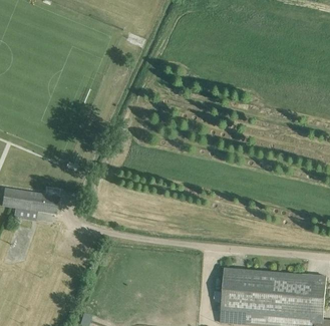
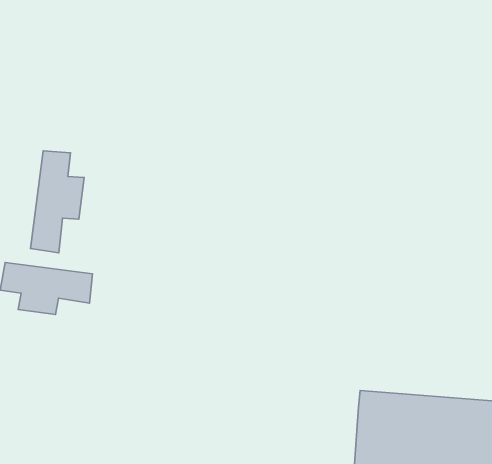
building: none -> [30,151,84,253]

